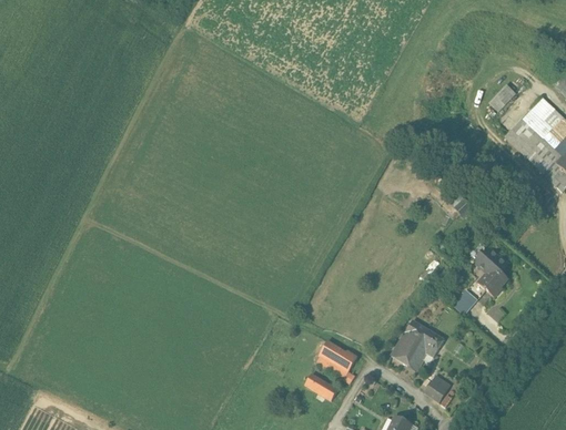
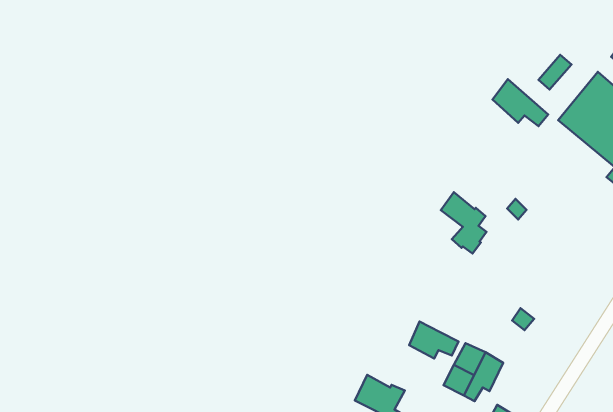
building: none -> [492,79,548,126]
building: [471,242,508,295] -> [441,192,487,254]
building: none -> [409,322,459,359]

